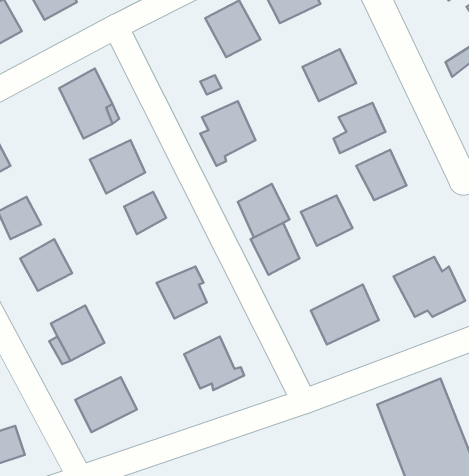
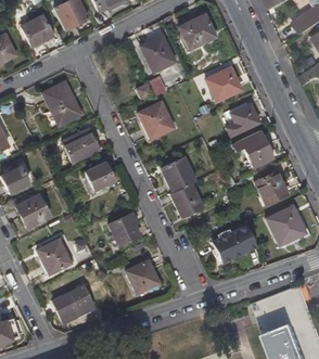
building: [301,196,353,246] -> [253,170,288,204]

